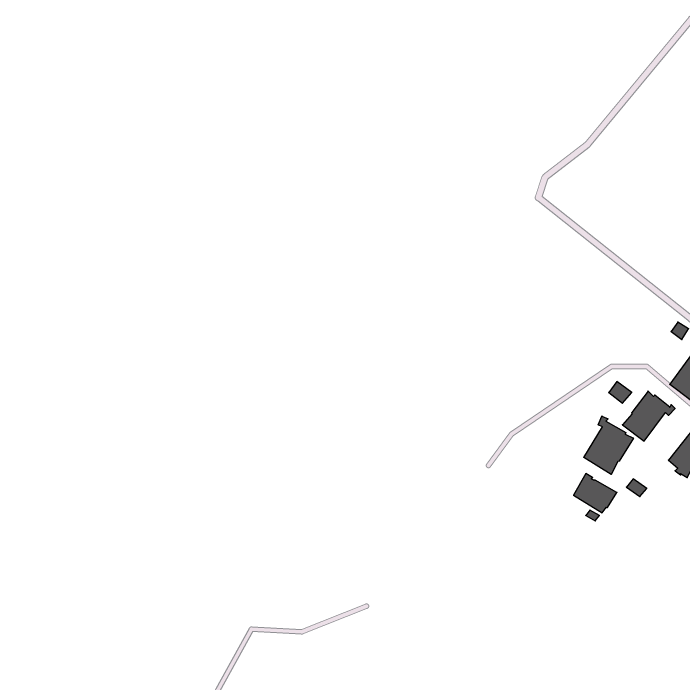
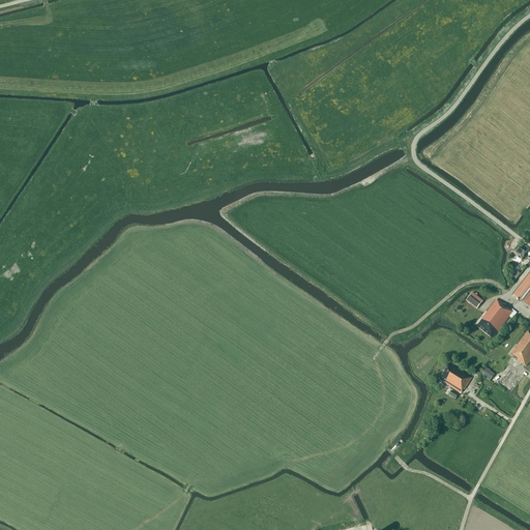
building: [584,416,633,474] -> none

